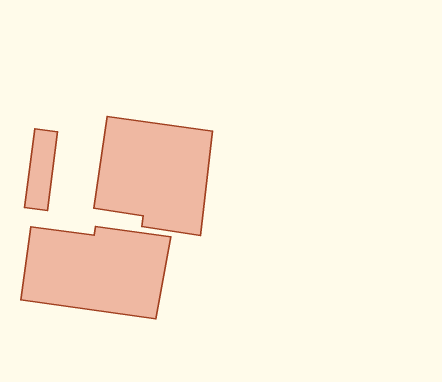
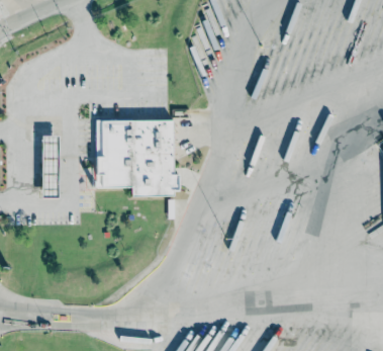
building: [21,227,171,319] -> none

